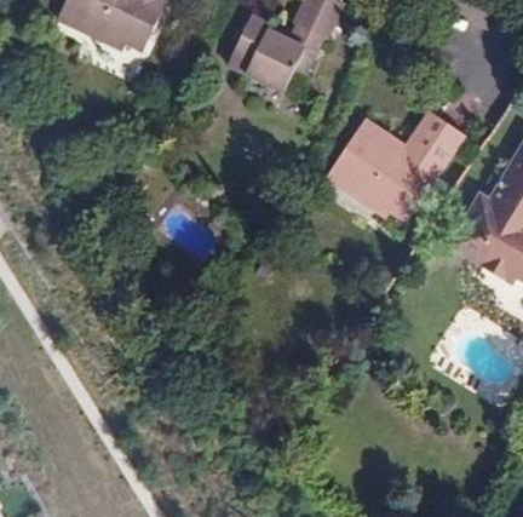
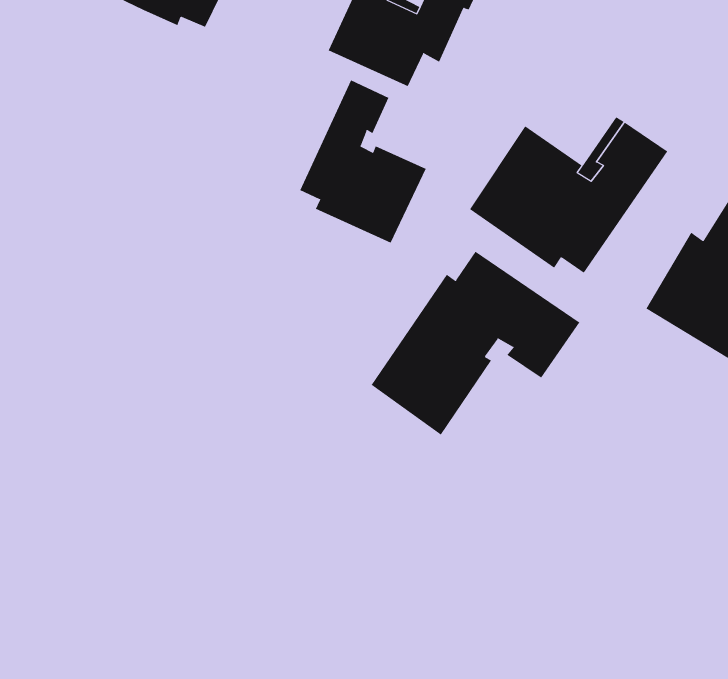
building: none -> [300,80,427,244]
building: none -> [371,251,580,435]

